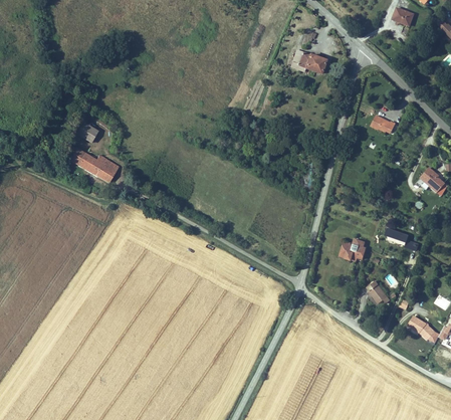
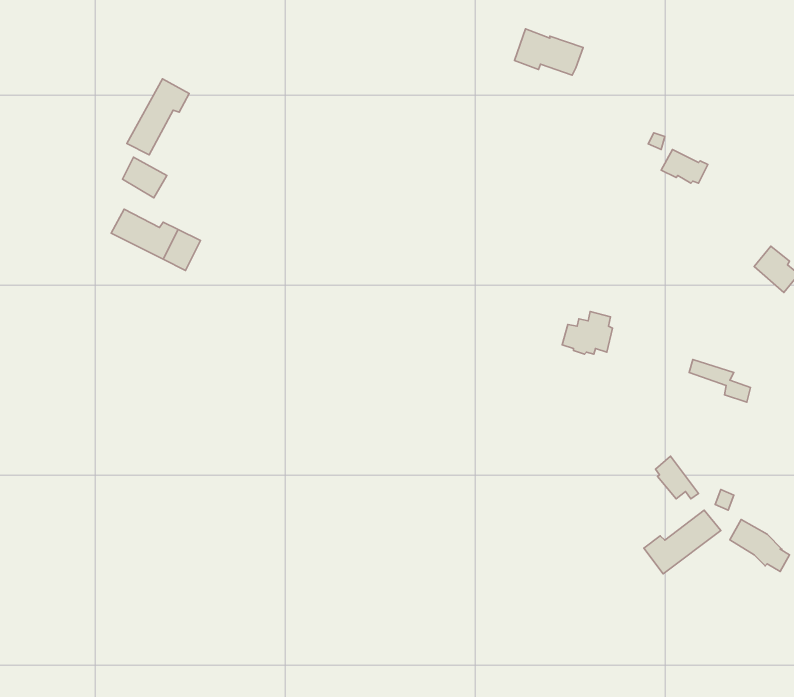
building: none -> [127,79,189,155]
building: [339,238,366,261] -> [562,311,612,354]
building: none -> [644,510,721,574]

